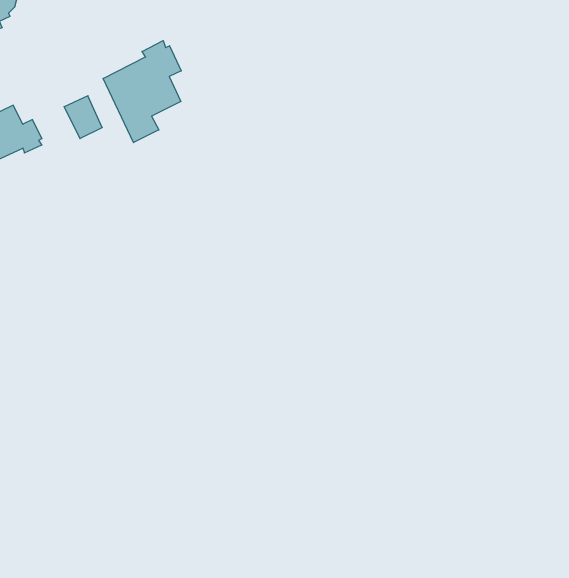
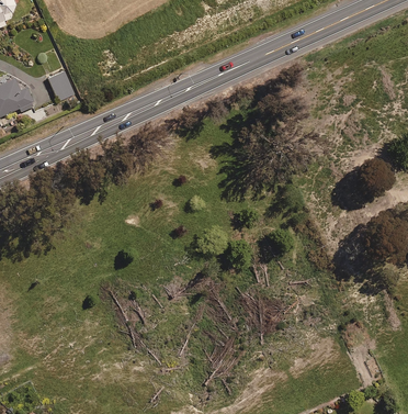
building: [103,41,181,143] -> none

